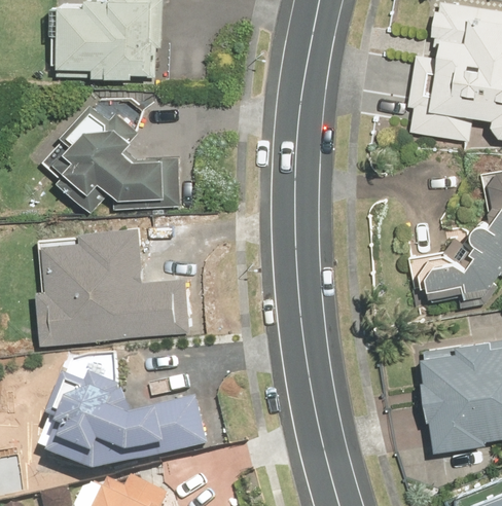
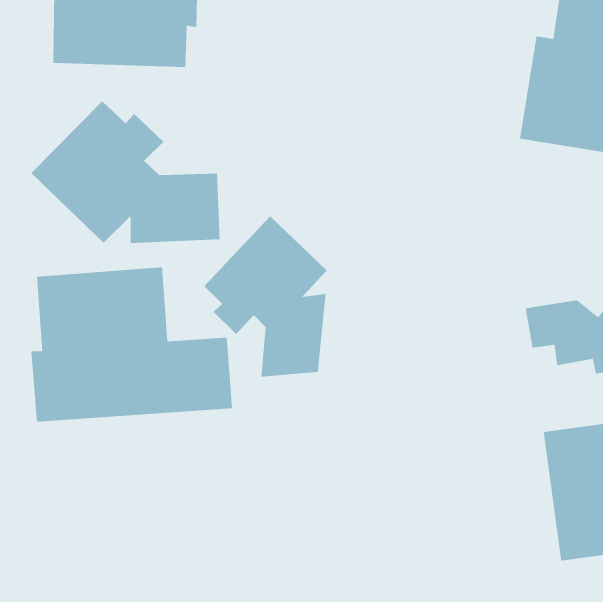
building: none -> [204,216,327,378]
building: [46,374,206,473] -> none

